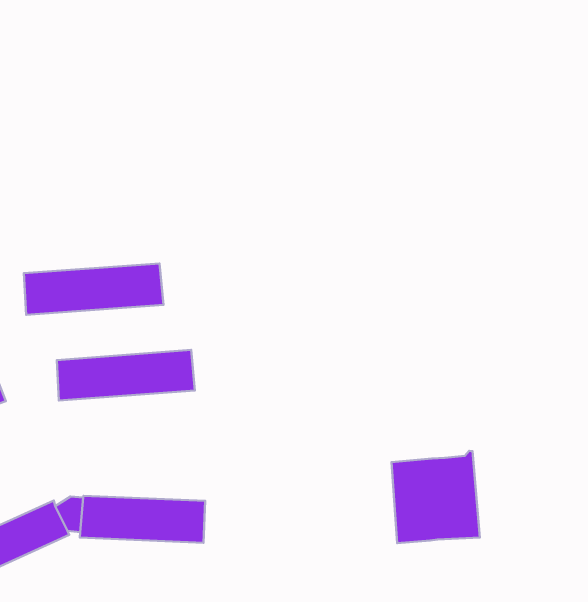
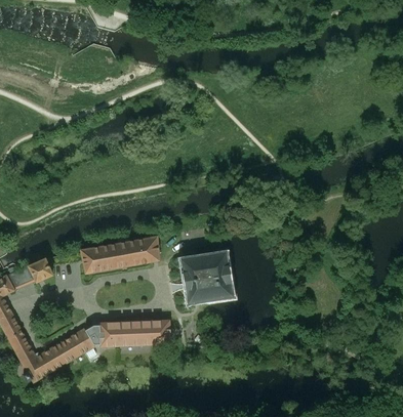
building: [24,263,163,315] -> none
building: [391,451,480,543] -> [180,248,234,303]

